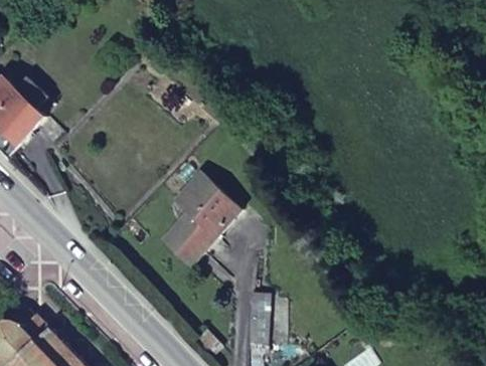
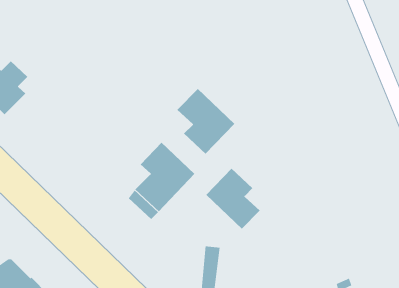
building: none -> [177,88,235,155]
building: none -> [205,168,261,230]

